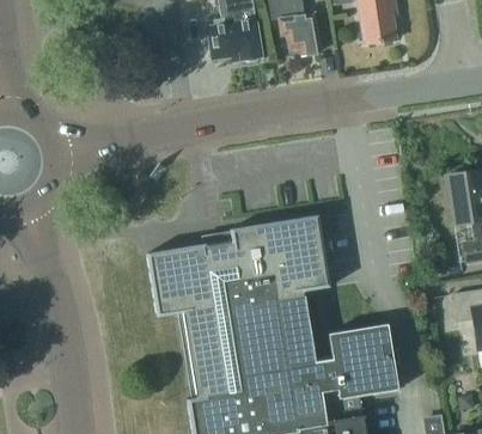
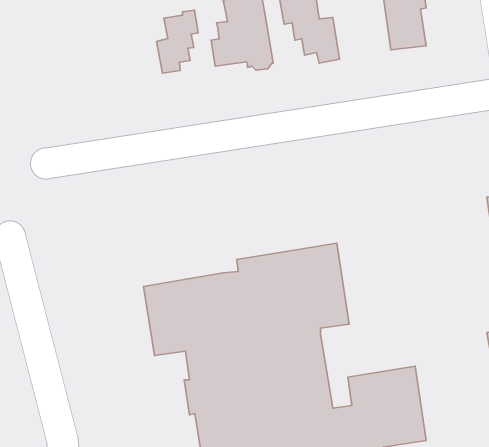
building: none -> [157,10,198,73]

